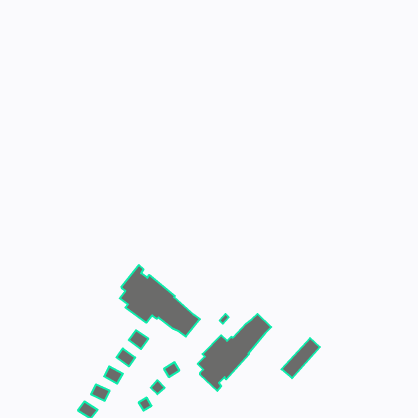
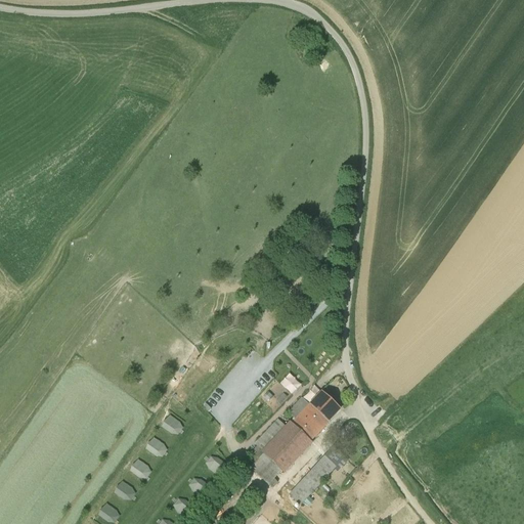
building: [120,265,200,337] -> none
building: [281,338,320,378] -> [287,455,335,506]

